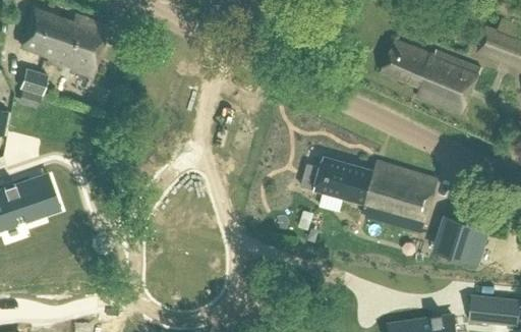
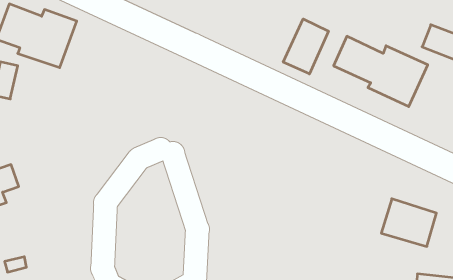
building: none -> [283,19,328,74]
building: [307,155,436,230] -> none

